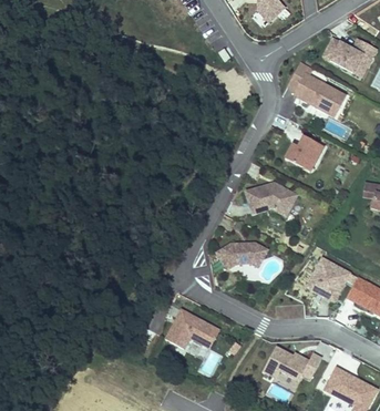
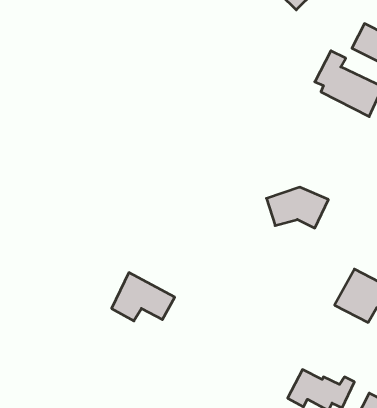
building: [283,137,323,175] -> none
building: [215,242,270,271] -> none
building: [164,307,220,350] -> [112,273,175,321]

